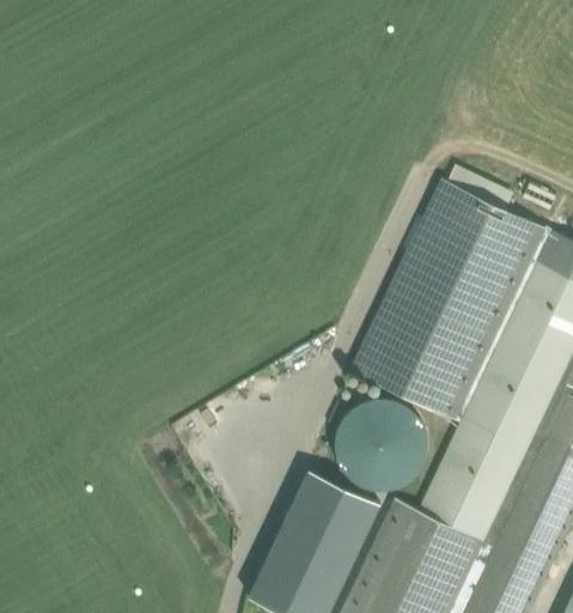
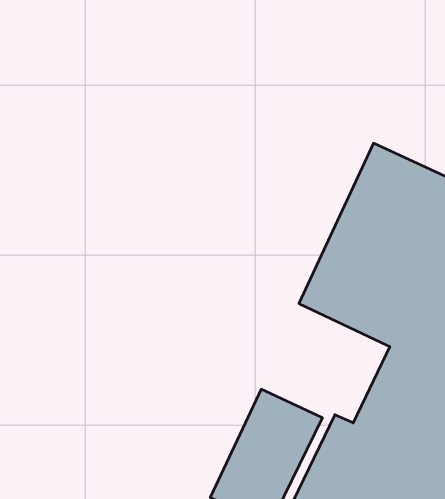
building: [336,400,427,490] -> none

